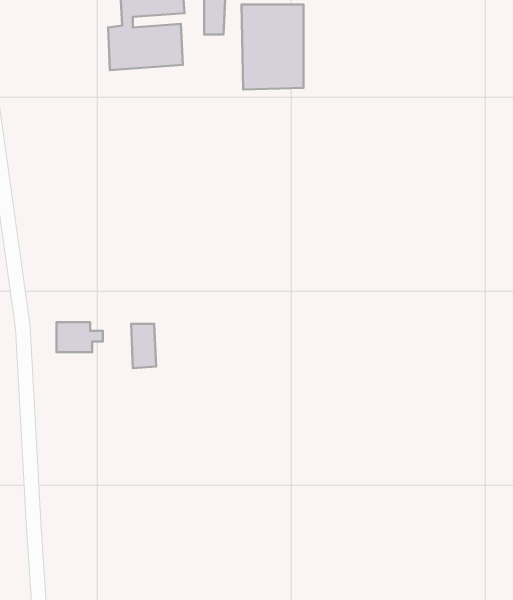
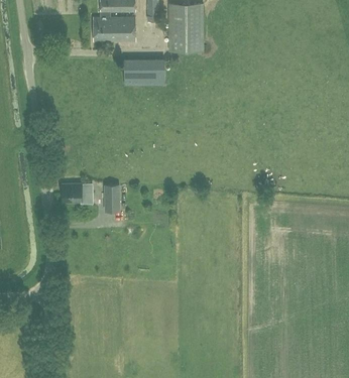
building: none -> [126,60,166,86]

